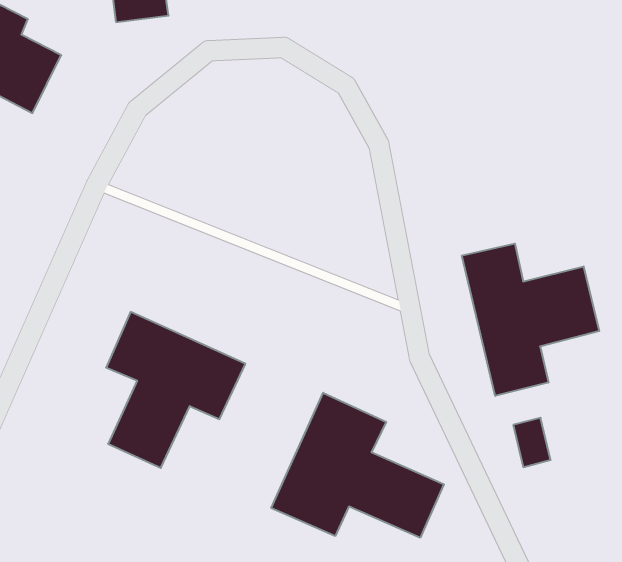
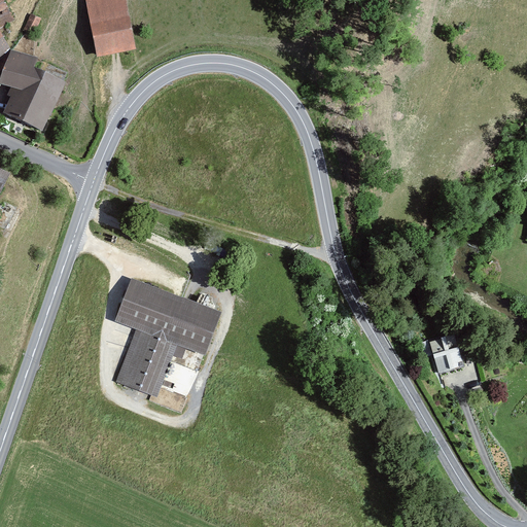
building: [462,244,599,396] -> none
building: [271,393,444,538] -> none

